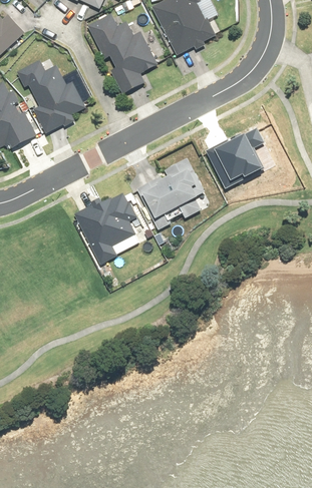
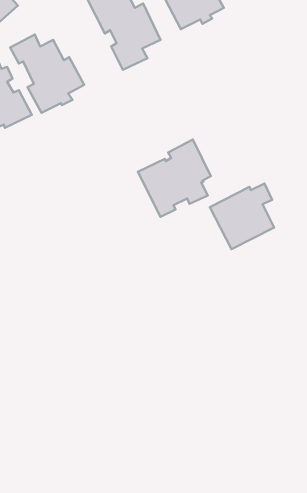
building: [205,126,265,187] -> [210,184,274,249]
building: [73,192,136,264] -> none

